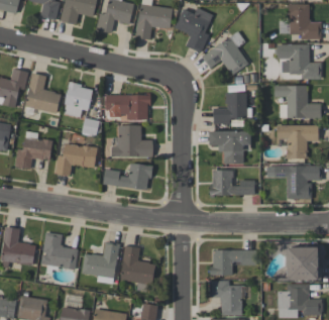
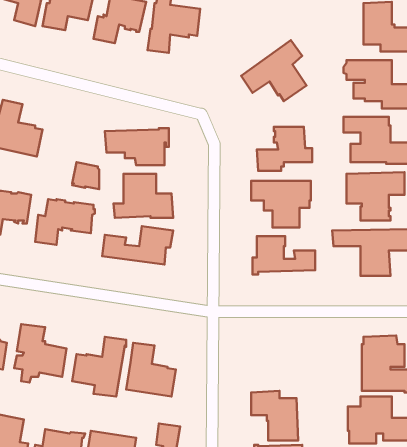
building: [175,7,213,52] -> none
building: [64,81,93,117] -> none
building: [210,249,256,275] -> none

